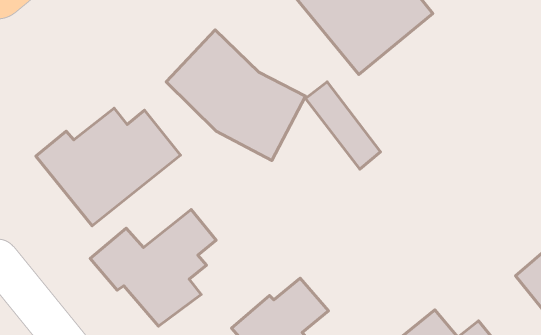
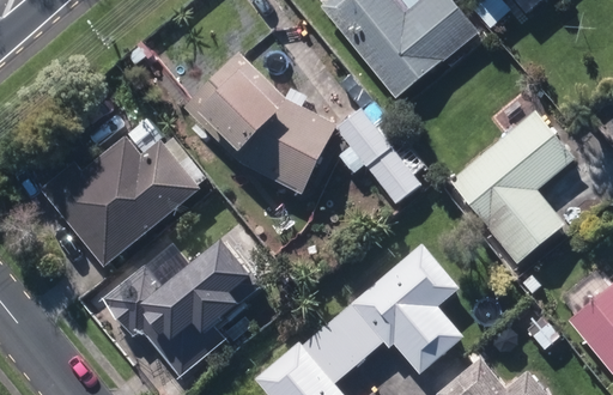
building: none -> [451,113,573,263]
building: none -> [332,244,463,373]

